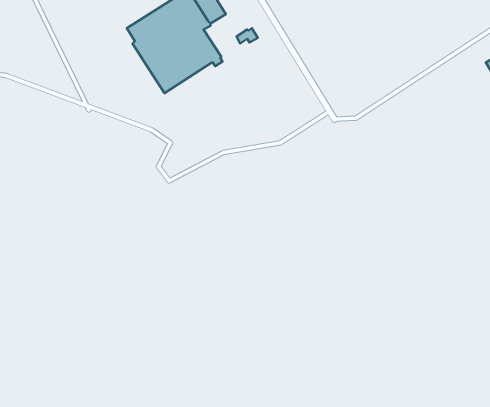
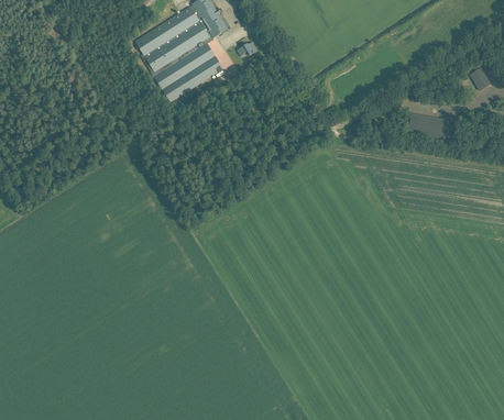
building: none -> [407,112,454,139]

